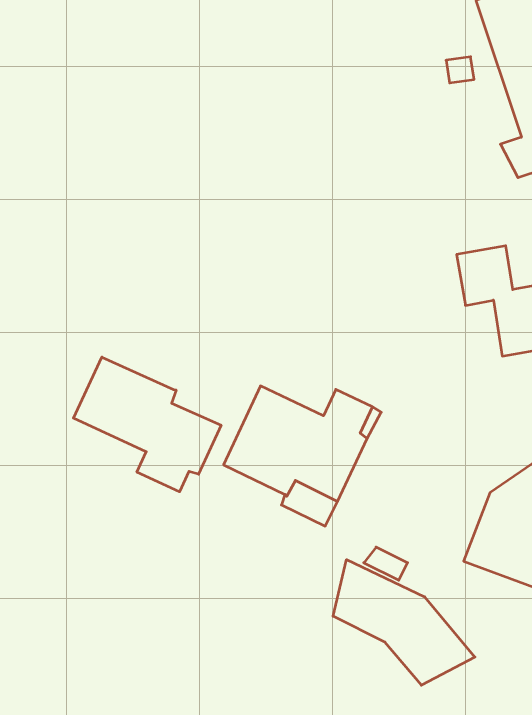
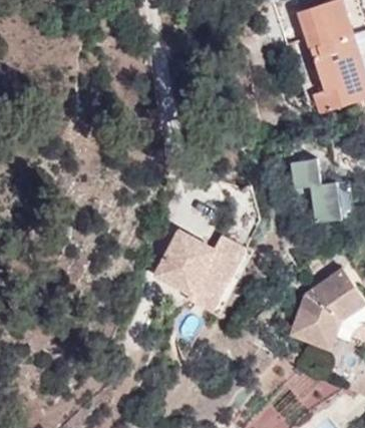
building: [73,357,221,492] -> none
building: [333,560,475,685] -> none

